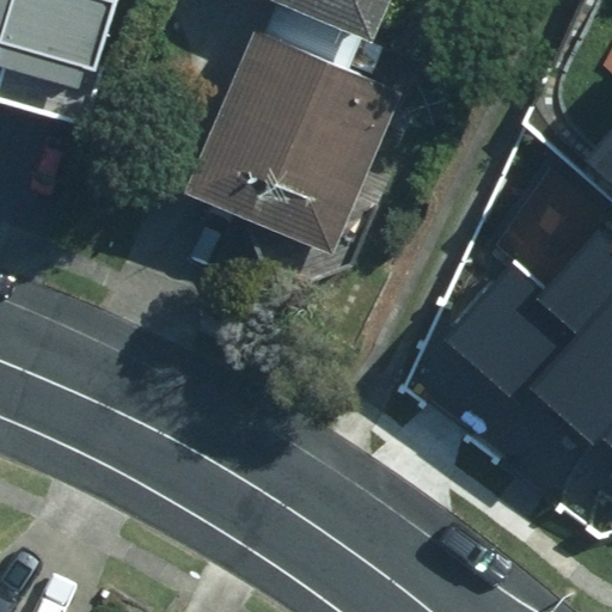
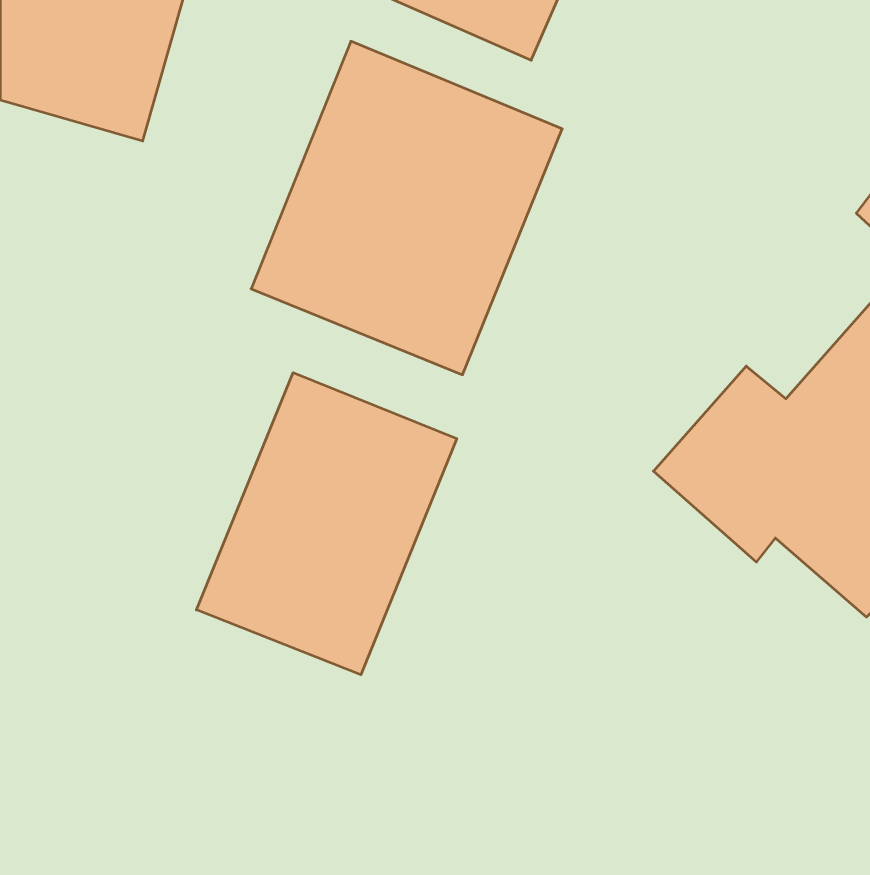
building: none -> [196,373,457,675]

